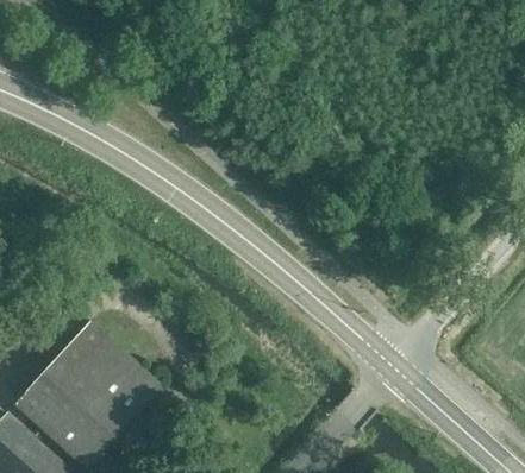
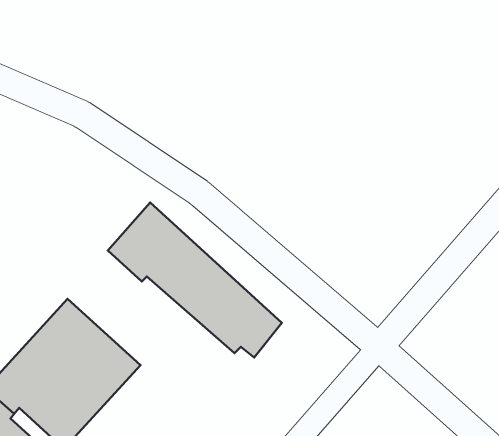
building: none -> [108,203,282,358]

